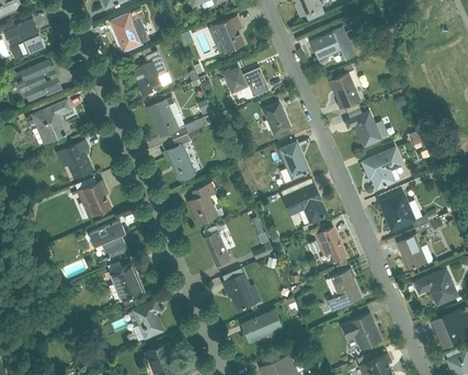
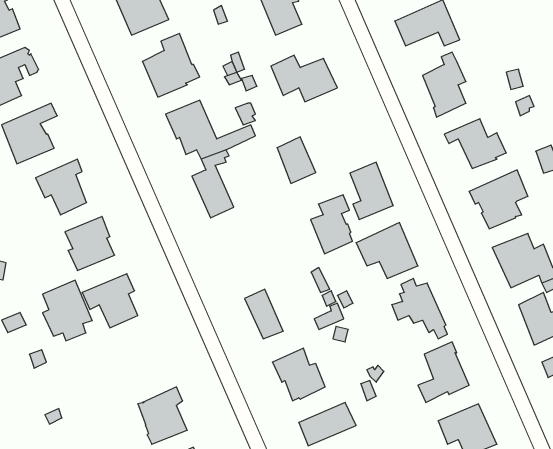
building: [263,102,290,135] -> [277,137,316,183]
building: [189,183,218,225] -> [311,195,352,254]
building: [109,263,144,306] -> [43,280,92,341]

